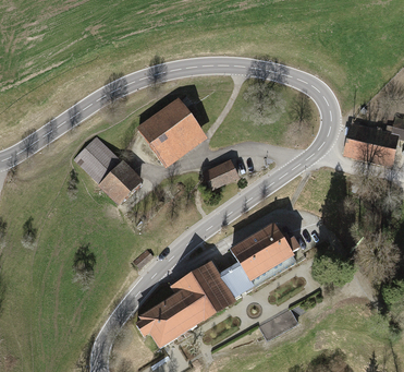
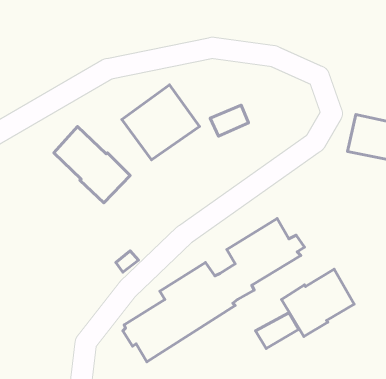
building: [201,159,236,188] -> [210,105,248,136]
building: none -> [282,269,354,336]

